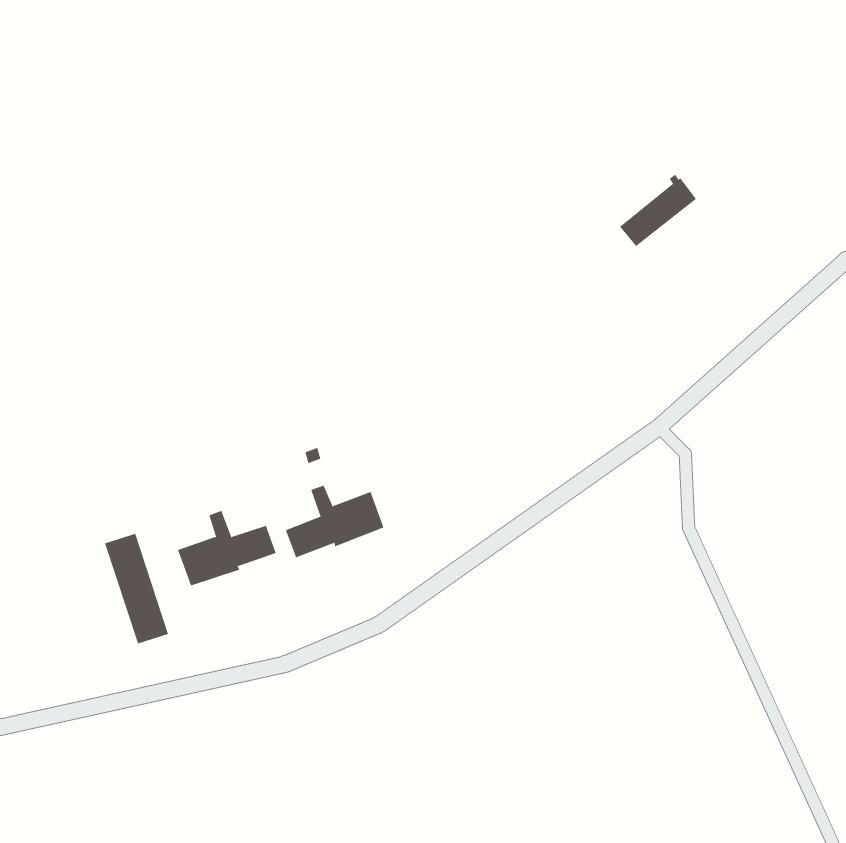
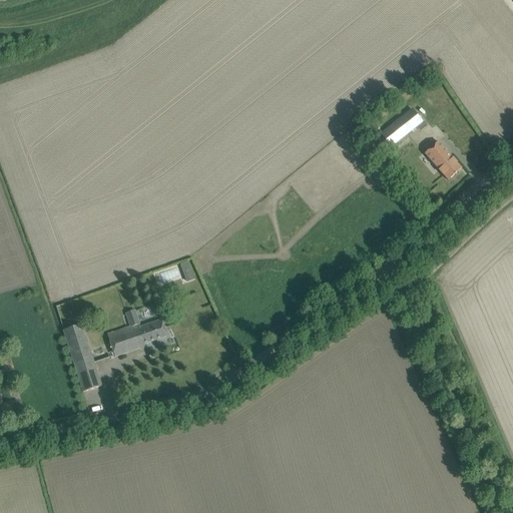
building: none -> [425,140,462,178]
building: [285,485,384,558] -> none

